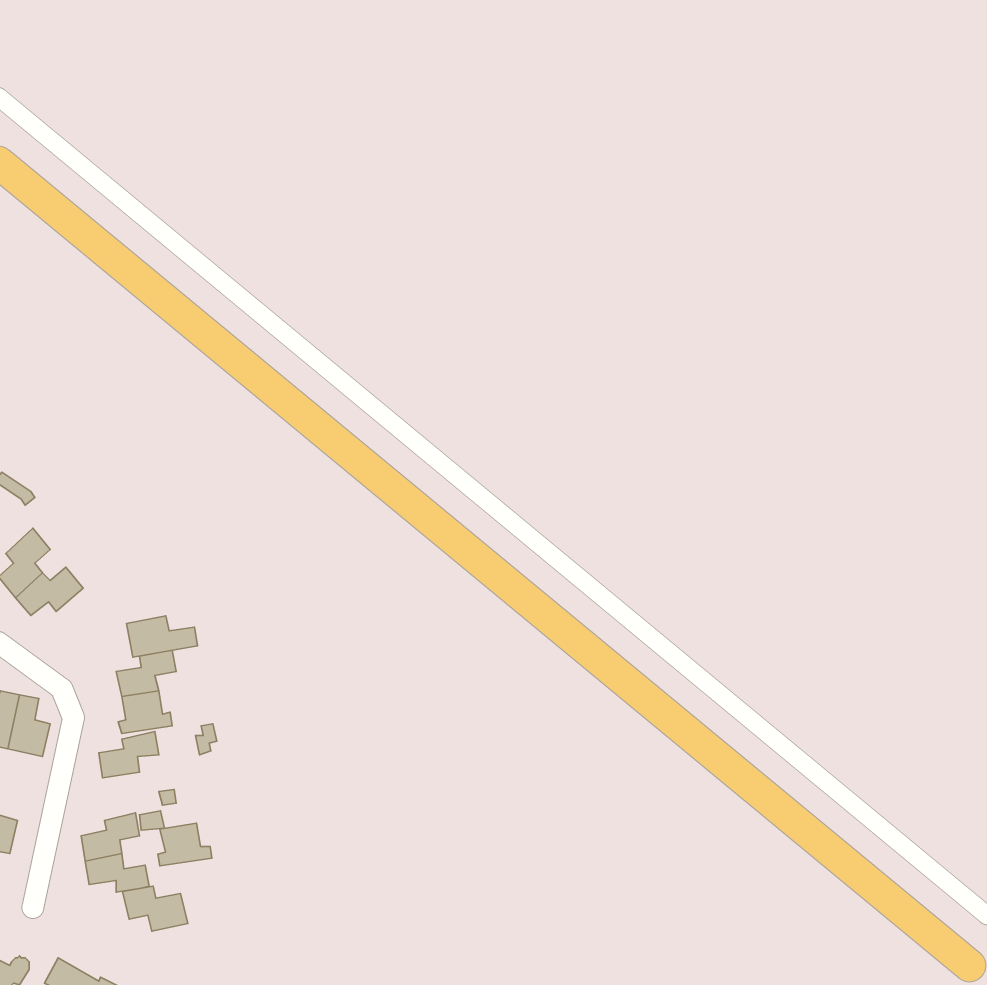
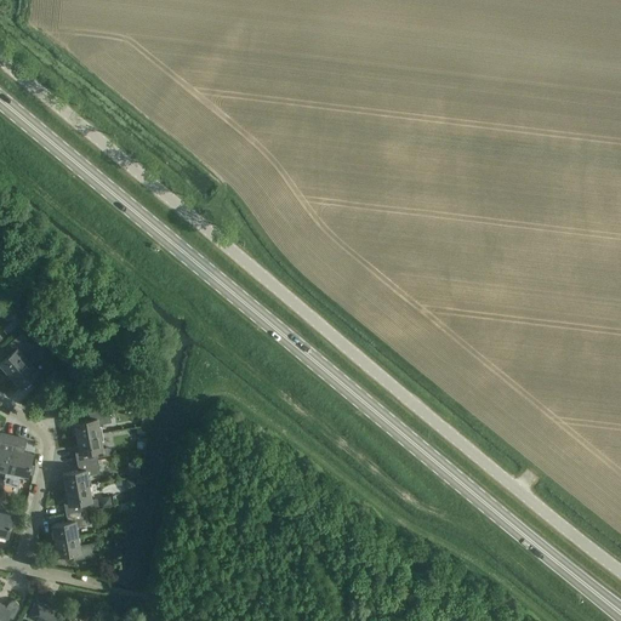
building: [126,616,197,657] -> none
building: [158,823,212,866] -> [63,486,97,513]
building: [123,886,188,931] -> none

